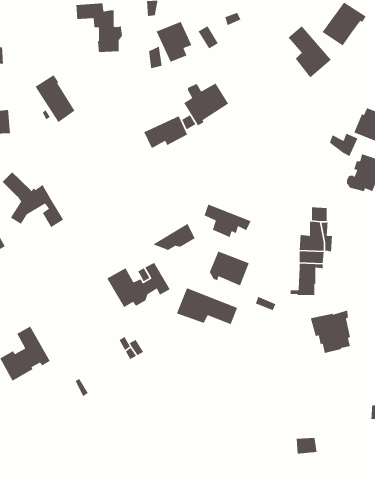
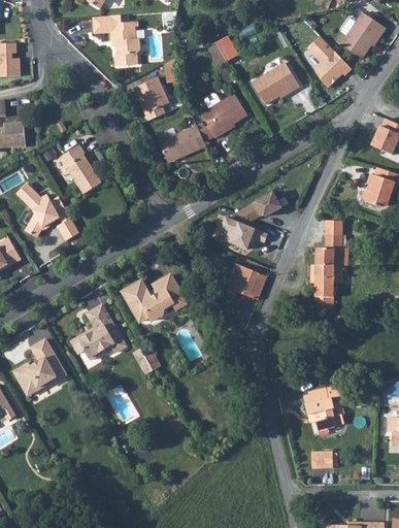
building: [156,21,193,63] -> [132,77,169,120]
building: none -> [250,62,298,104]
building: [34,74,75,123] -> [59,144,100,194]
building: [329,133,359,157] -> none
building: [152,223,196,251] -> [235,190,279,218]
building: [176,287,238,325] -> none
building: none -> [71,304,126,359]
building: [310,310,351,354] -> [302,385,343,429]

